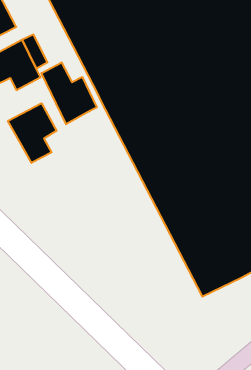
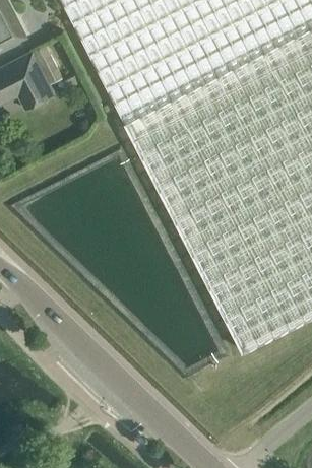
building: [41,62,97,124] -> none
building: [8,103,57,163] -> none

